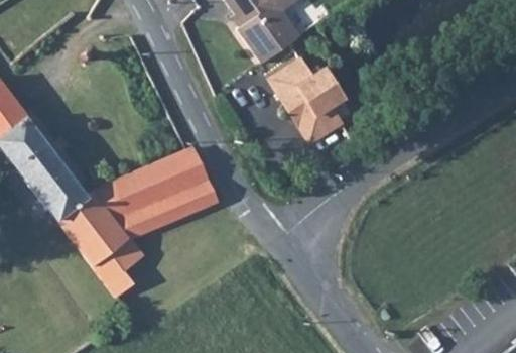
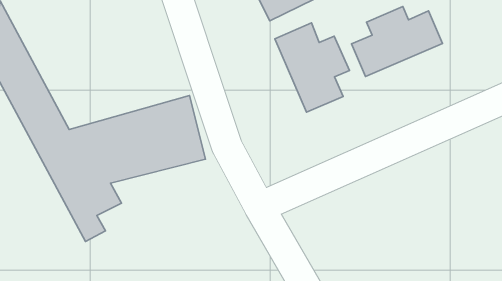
building: none -> [352,7,443,76]

